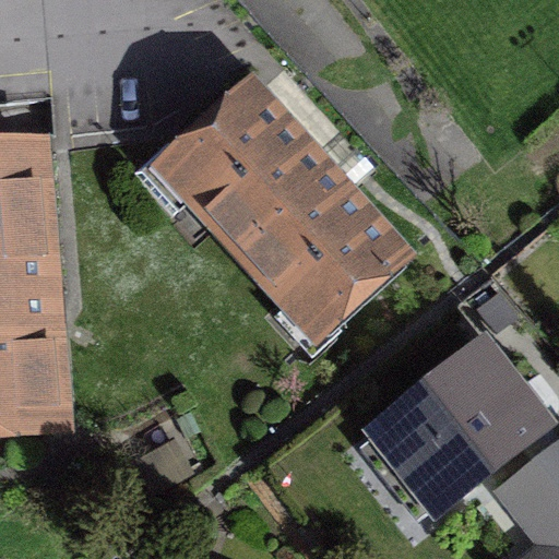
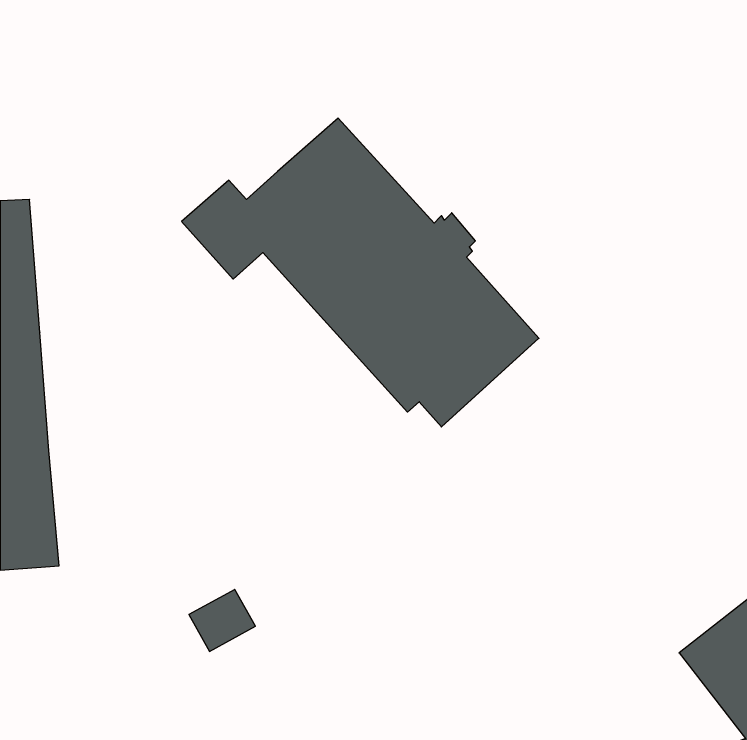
building: [364,344,545,497] -> none

